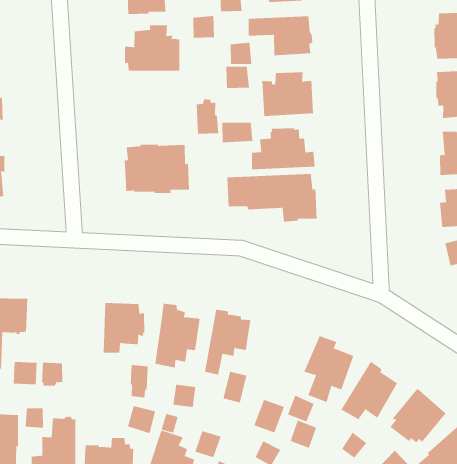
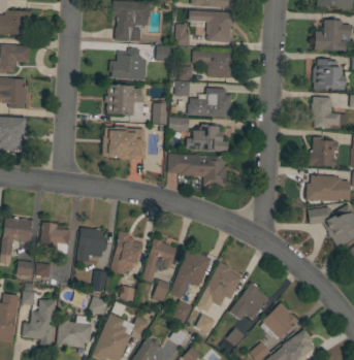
building: none -> [105,85,144,114]
building: none -> [39,222,70,251]
building: none -> [170,250,211,297]

